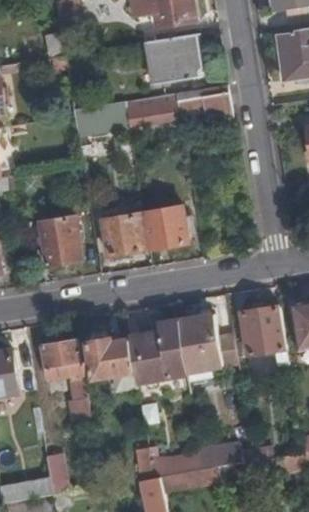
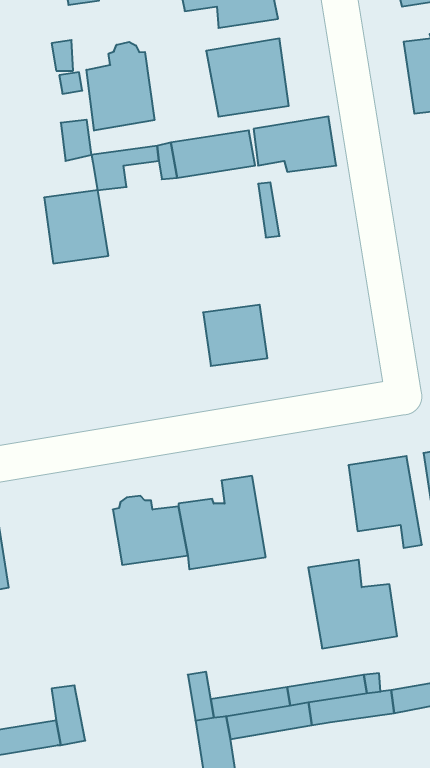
building: none -> [86,42,154,131]
building: [104,214,145,253] -> none
building: [40,216,82,264] -> [44,190,108,263]
building: [177,314,235,372] -> [308,560,397,648]
building: [40,340,89,419] -> none

